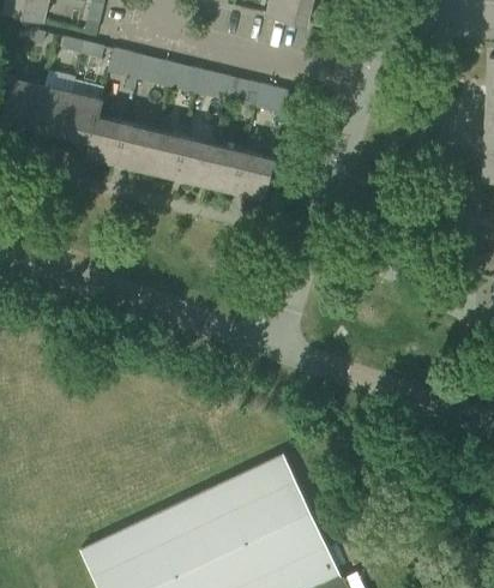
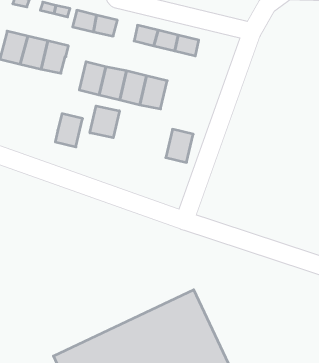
building: [167,62,201,92] -> none
building: [88,115,127,163] -> [55,114,83,147]
building: [235,150,275,198] -> [166,129,193,162]
building: none -> [90,106,119,138]

